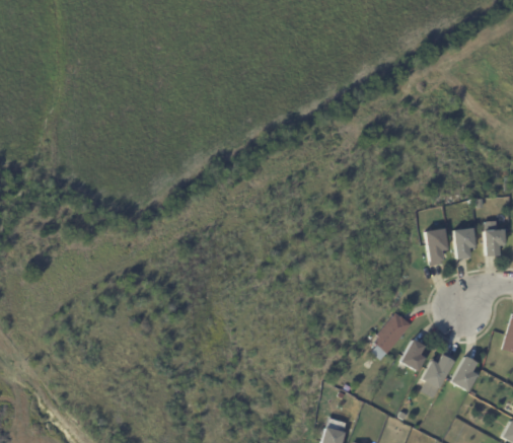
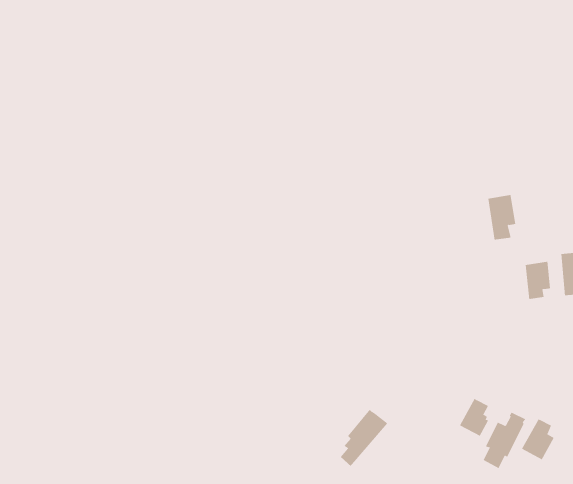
building: [426,227,449,265] -> [488,195,516,240]
building: [374,312,414,360] -> [340,409,388,467]

